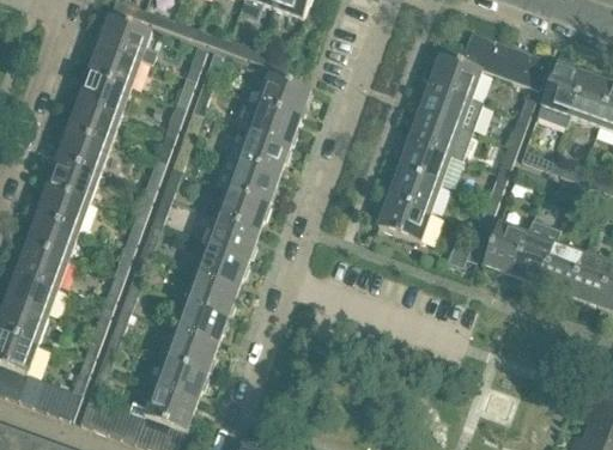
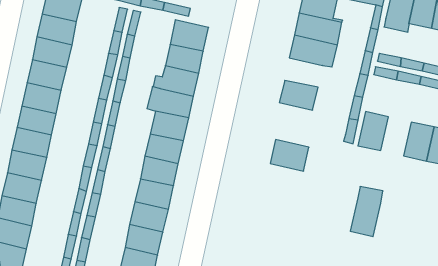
building: [400,138,451,181] -> none
building: [378,194,431,239] -> [270,140,309,171]
building: [512,217,562,284] -> [350,187,383,237]

